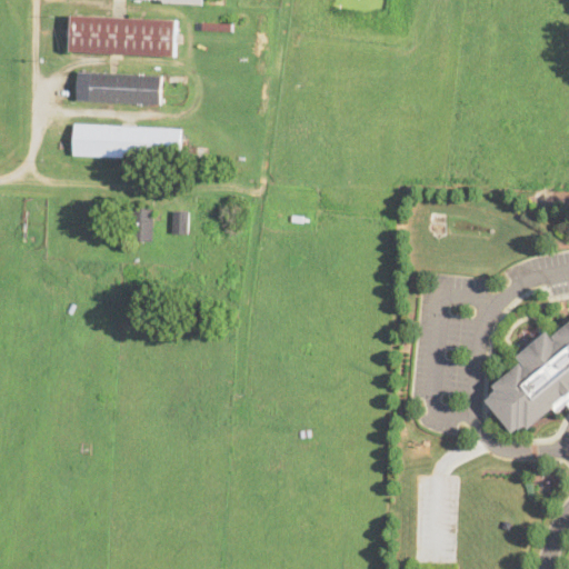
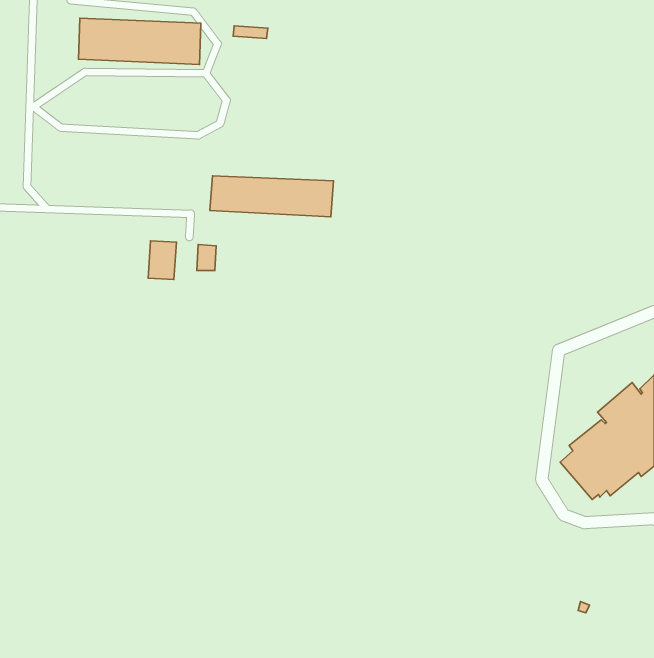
building: [74,72,159,104] -> none
building: [71,124,178,160] -> [210,176,333,217]

